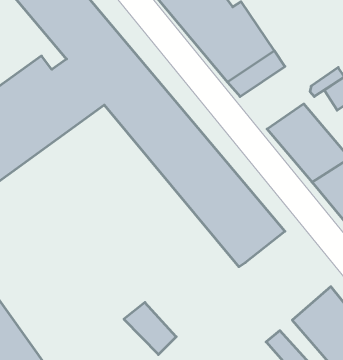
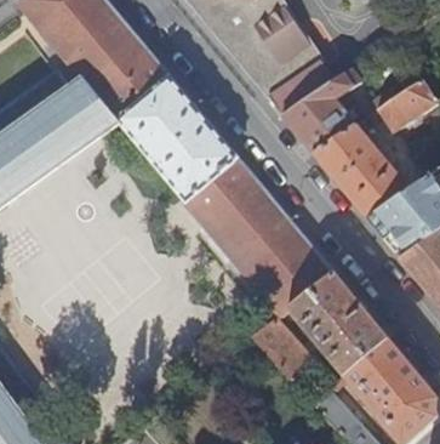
building: none -> [282,72,359,155]
building: none -> [288,274,388,377]
building: [124,302,176,355] -> [252,319,313,380]

